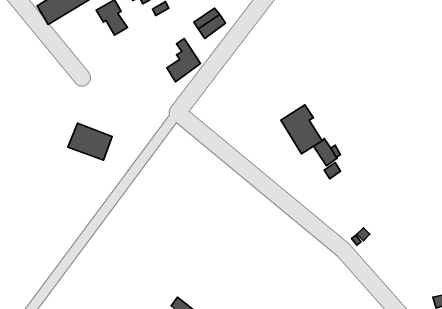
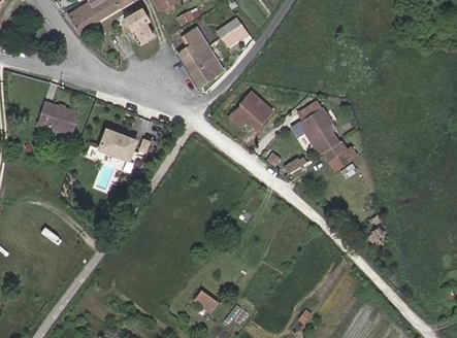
building: none -> [177,28,207,74]
building: none -> [228,93,271,129]
building: none -> [38,101,78,131]

